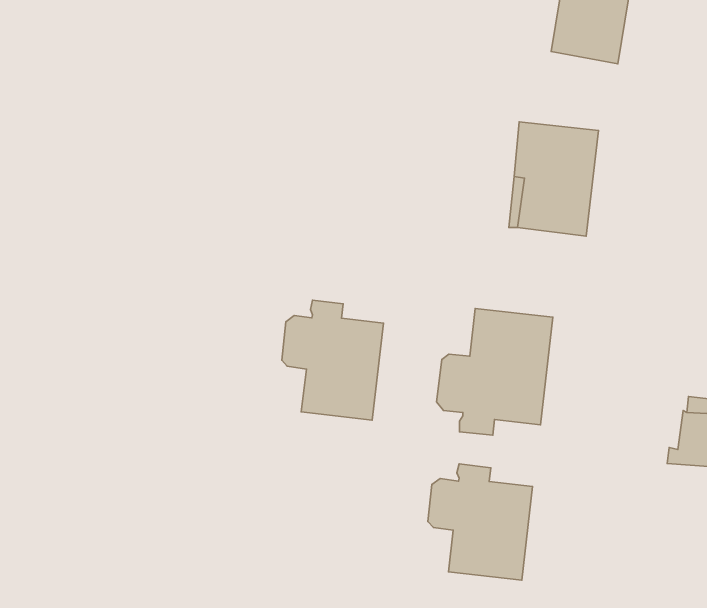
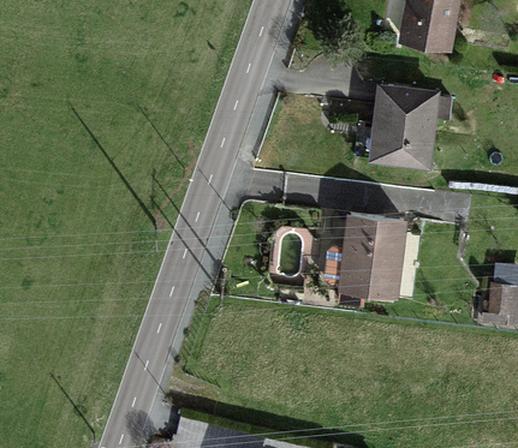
building: [282,300,383,420] -> none
building: [428,464,533,580] -> none

